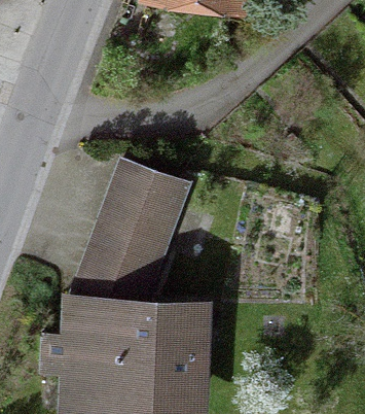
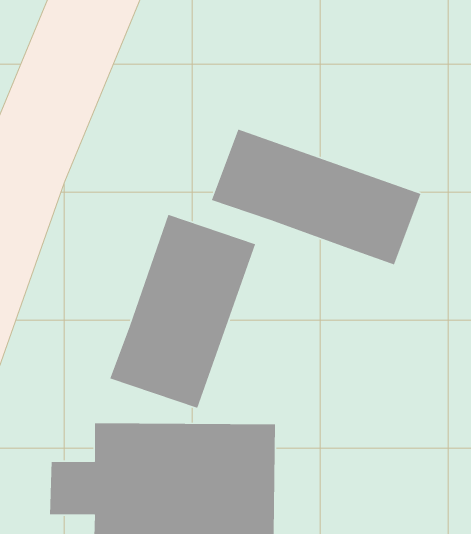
building: none -> [211,128,421,265]

